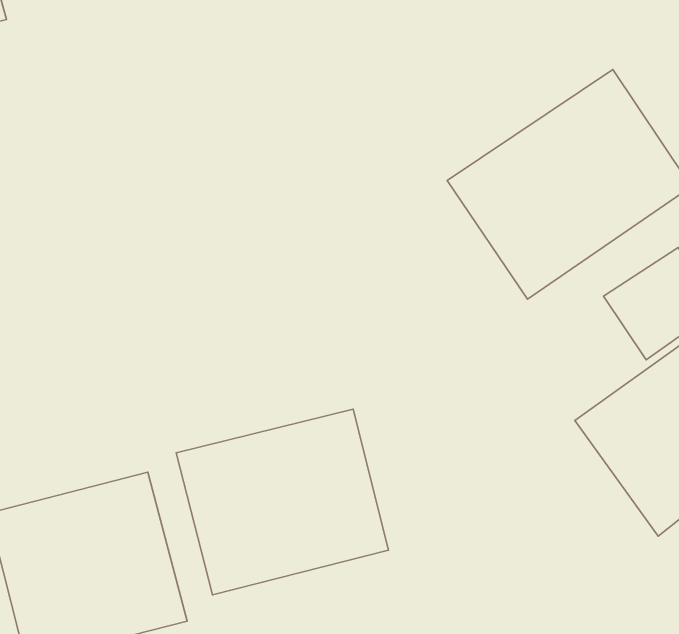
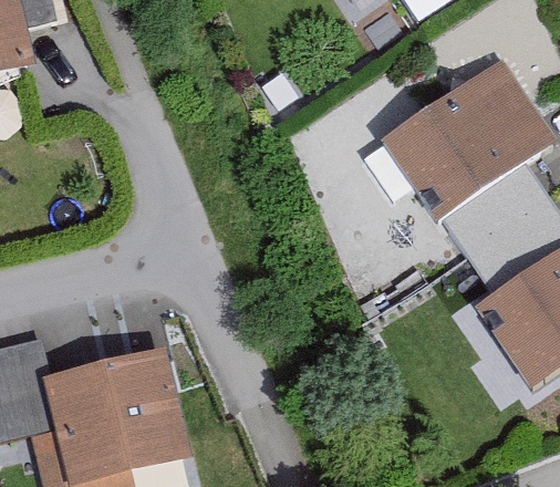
building: [176,409,389,595] -> none

